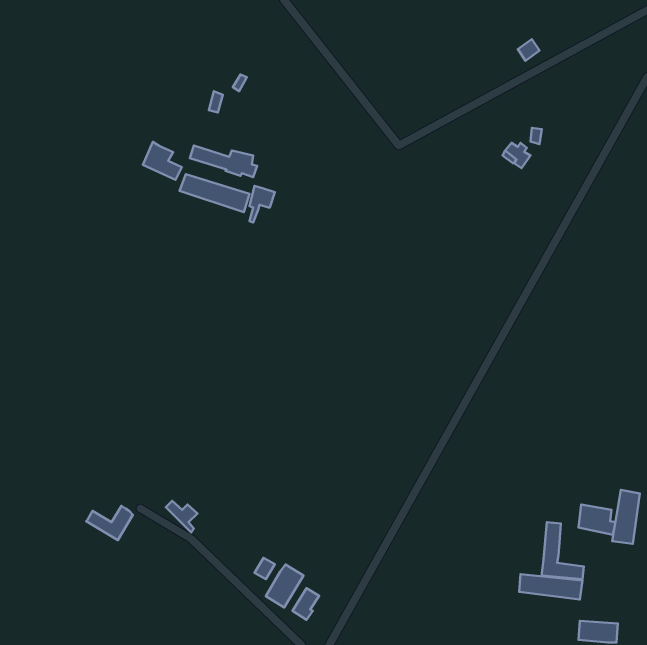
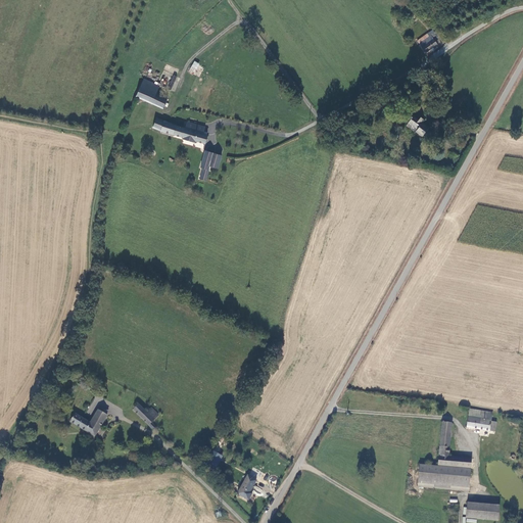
building: [143,142,182,180] -> [136,78,168,108]
building: [180,174,249,212] -> none
building: [612,490,640,544] -> none
building: [266,564,304,607] -> none

